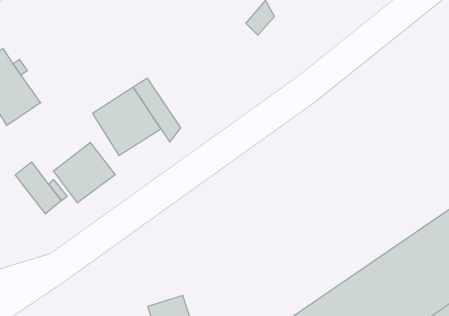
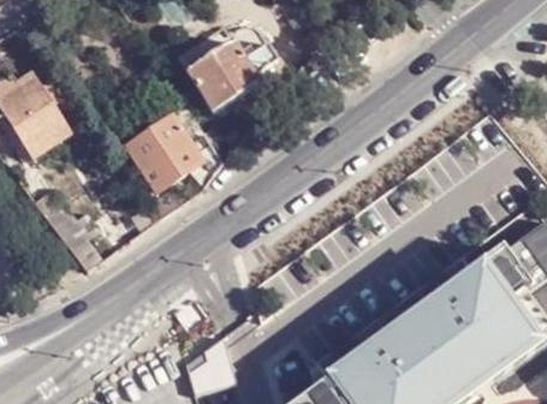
building: none -> [184,36,275,107]
building: [53,142,115,203] -> none

